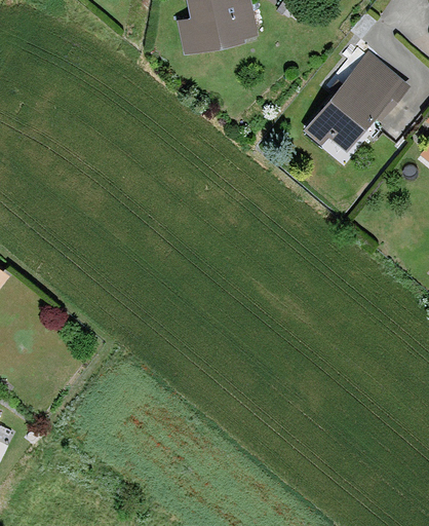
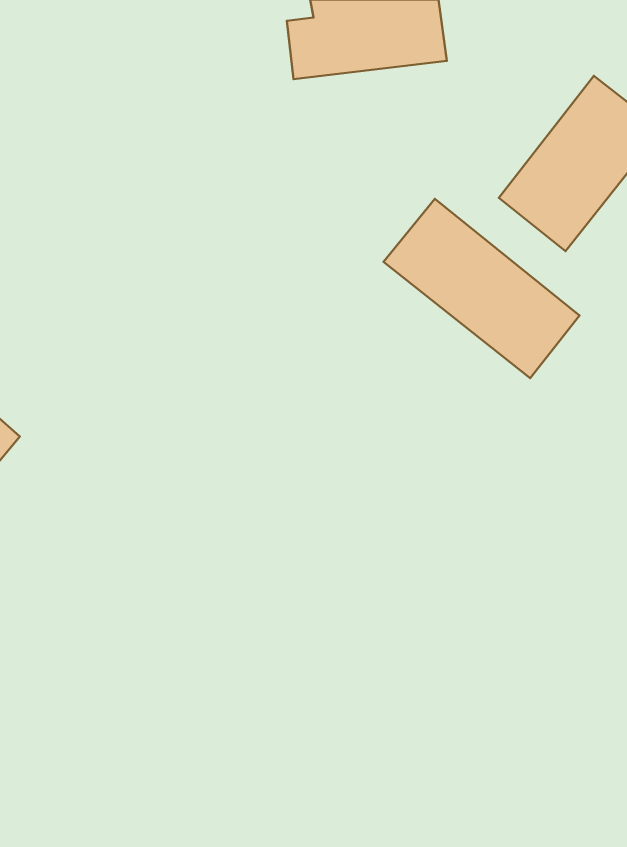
building: none -> [384,199,579,378]

